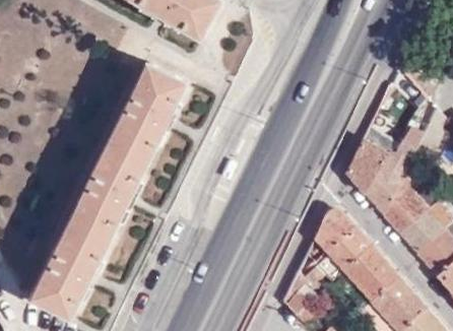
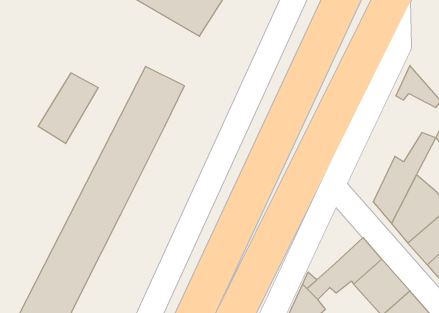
building: none -> [38,73,98,144]
building: [345,126,392,193] -> none
building: [313,207,353,251] -> none

